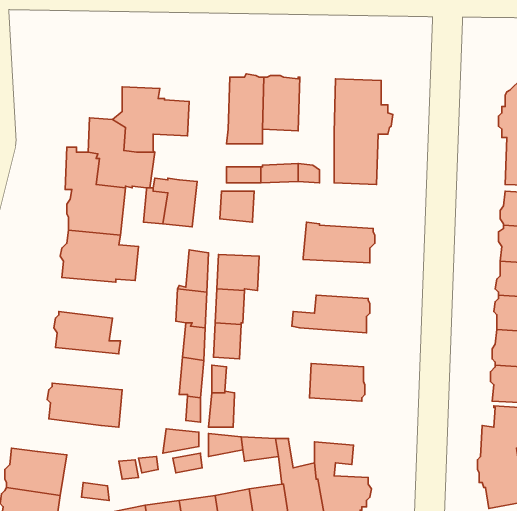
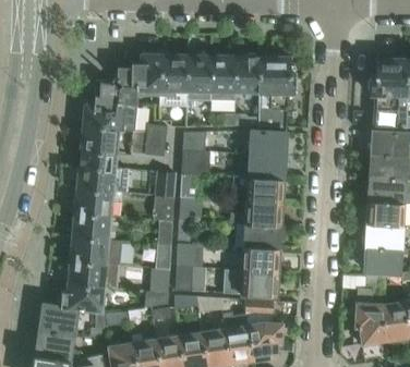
building: none -> [138,50,189,95]
building: none -> [234,54,260,93]
building: none -> [249,131,288,157]
building: none -> [181,150,210,175]
building: none -> [233,176,284,204]
building: none -> [73,189,112,217]
building: none -> [234,223,281,249]
building: none -> [68,236,120,265]
building: none -> [241,270,278,296]
building: none -> [60,284,102,311]

